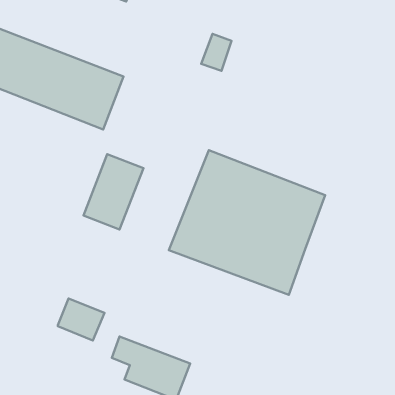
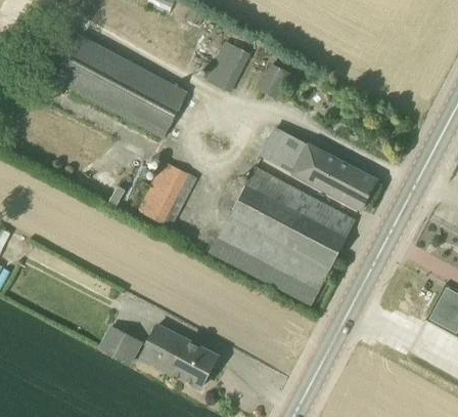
building: none -> [208,44,248,90]
building: none -> [262,127,377,209]
building: [58,299,105,340] -> [99,325,142,365]

